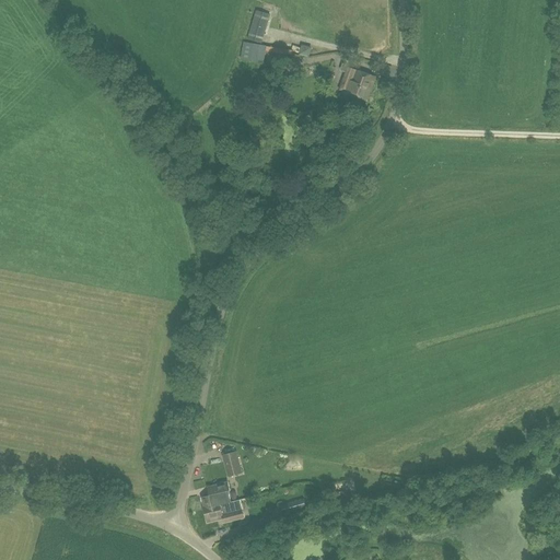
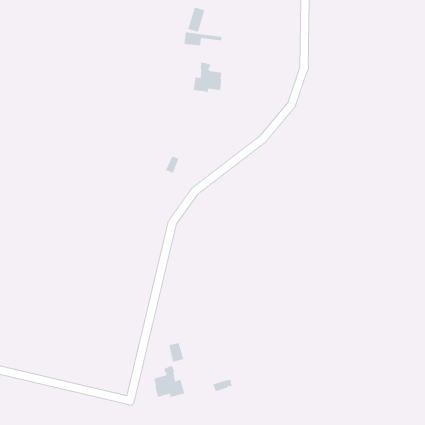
building: [341,66,374,98] -> none
building: none -> [193,62,222,92]

